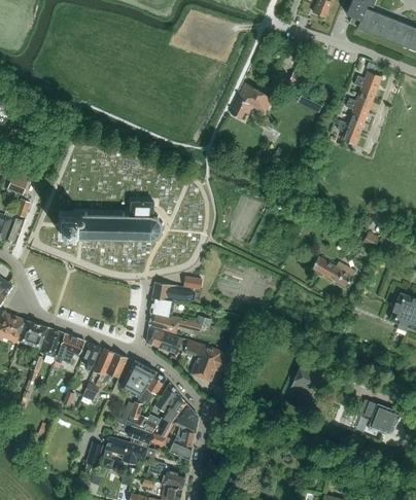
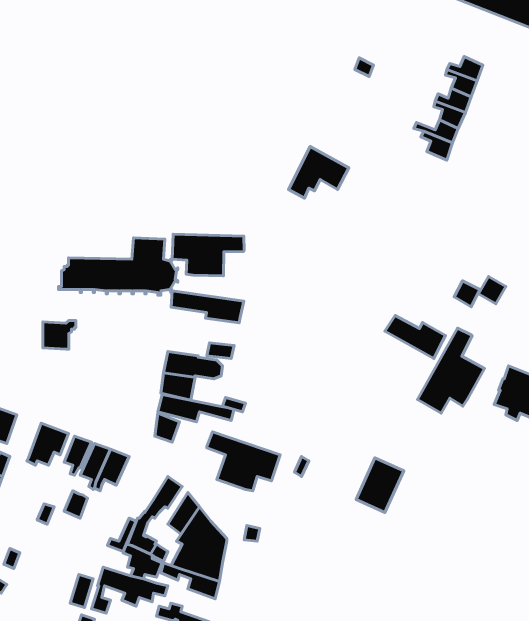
building: [230,82,273,119] -> [289,146,349,198]
building: none -> [172,234,244,276]
building: [61,215,84,236] -> [43,320,76,349]
building: none -> [171,291,244,323]
building: none -> [417,328,484,413]
building: [40,327,65,358] -> none
building: [159,332,187,354] -> none
building: [122,360,155,397] -> none
building: [362,402,401,433] -> none

